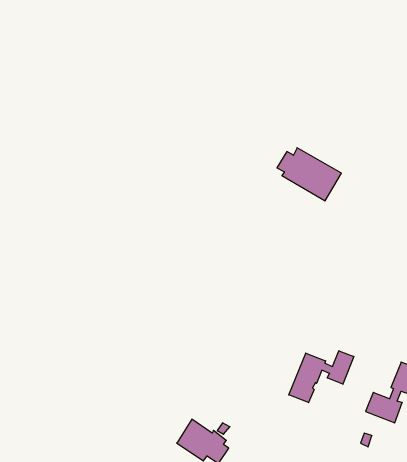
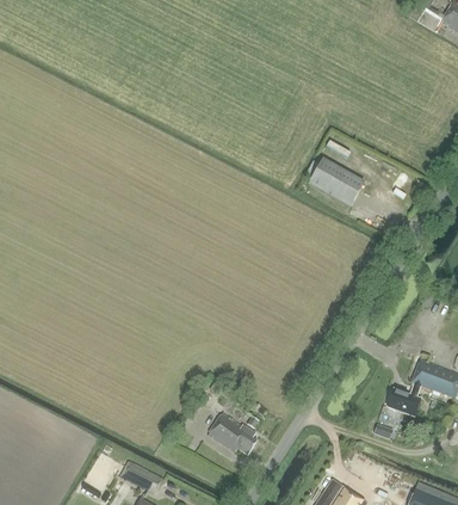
building: [289,351,354,403] -> none

